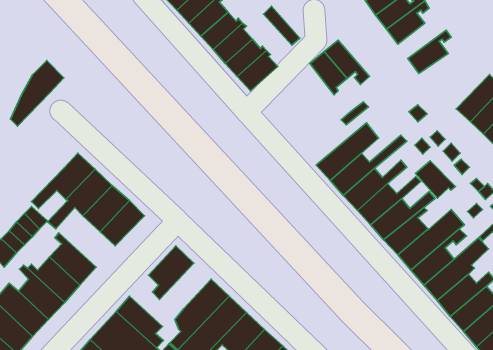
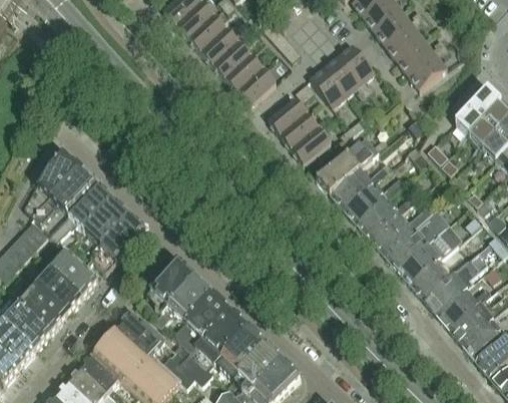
building: none -> [397,37,445,73]
building: none -> [338,42,375,91]
building: [10,61,64,126] -> [26,150,79,216]
building: none -> [269,81,331,164]
building: [416,161,456,198] -> none
building: none -> [155,277,211,327]

